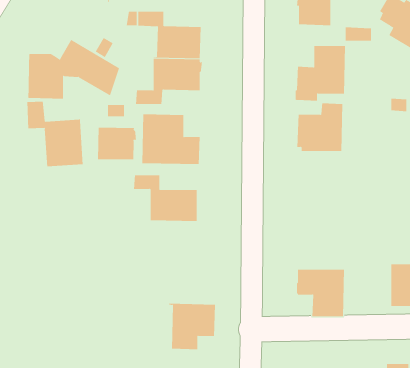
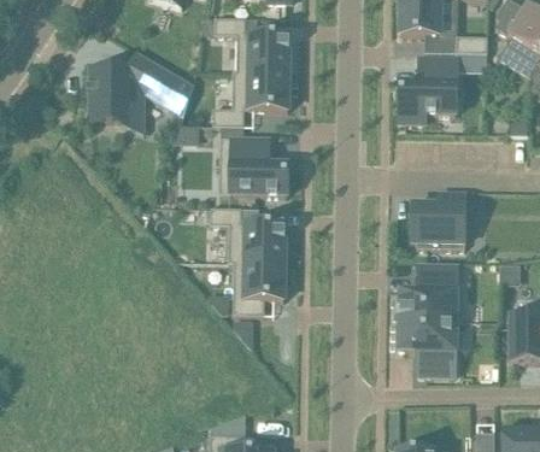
building: [27,101,83,167] -> none
building: [297,103,343,152] -> [411,190,465,247]
building: [97,127,136,160] -> none
building: none -> [399,262,457,317]
building: [168,303,216,350] -> [229,260,284,315]

